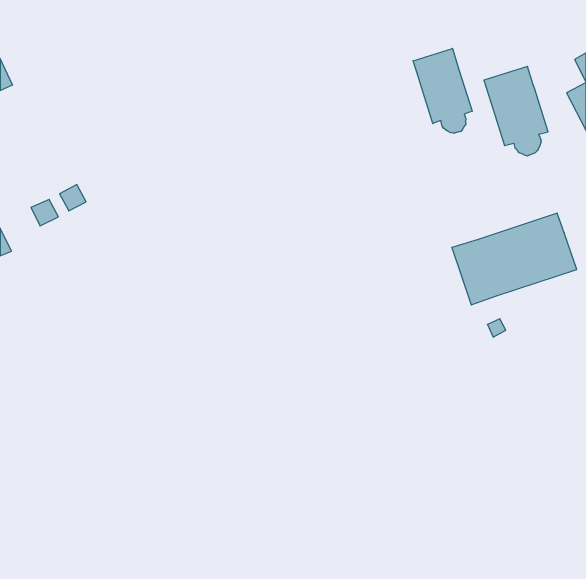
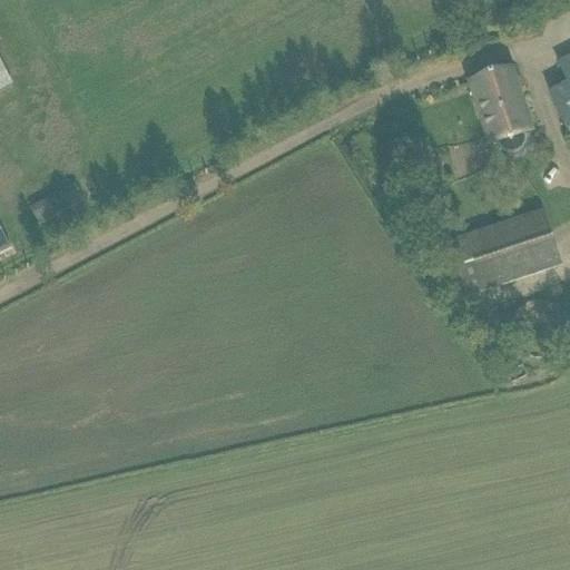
building: [413,48,472,133] -> none

